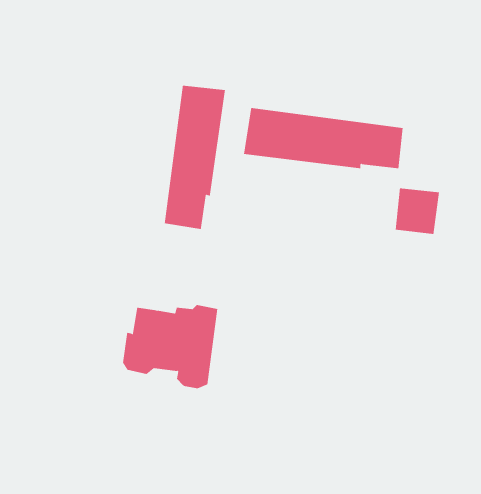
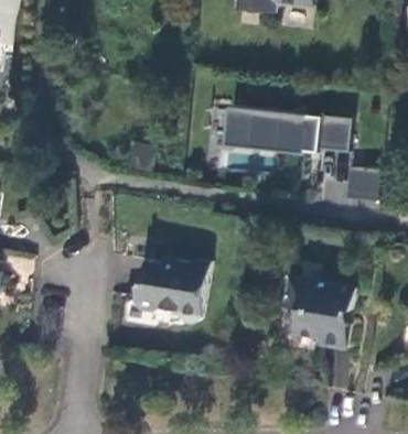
building: [164,85,226,230] -> none
building: none -> [284,275,354,348]

